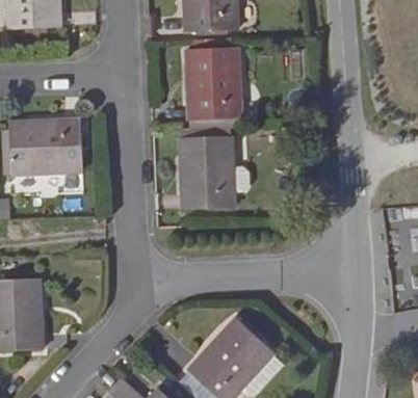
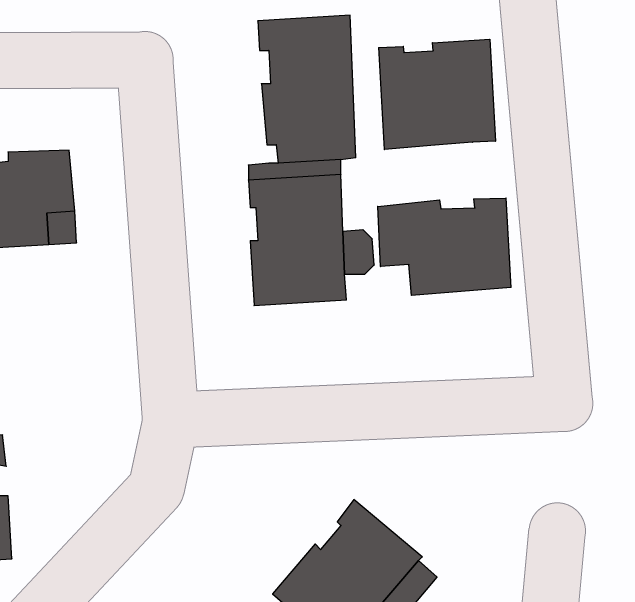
building: none -> [379,39,495,150]
building: none -> [378,198,511,295]

